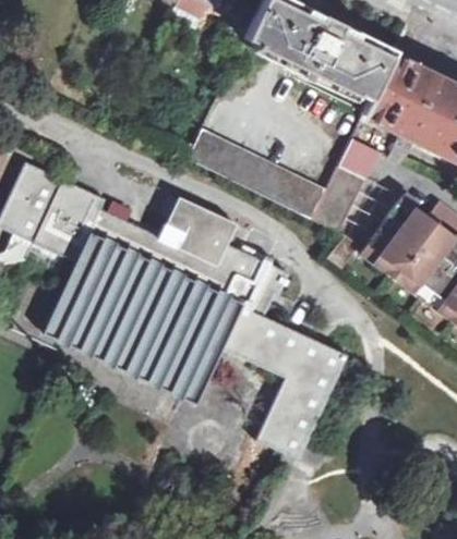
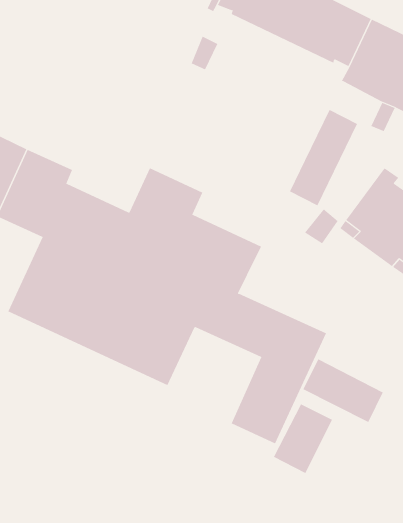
building: [189,127,326,218] -> none
building: none -> [302,358,383,423]
building: none -> [273,404,333,474]

